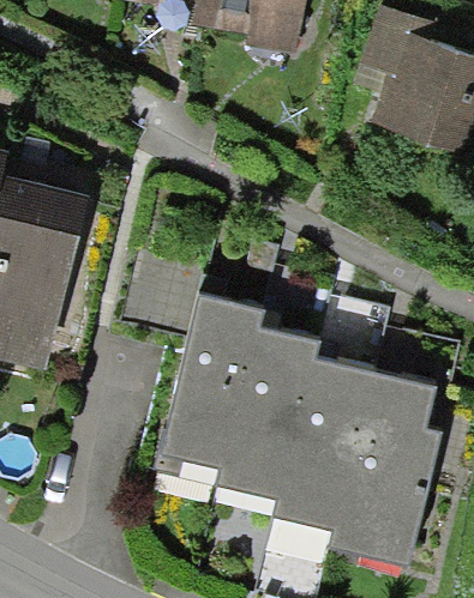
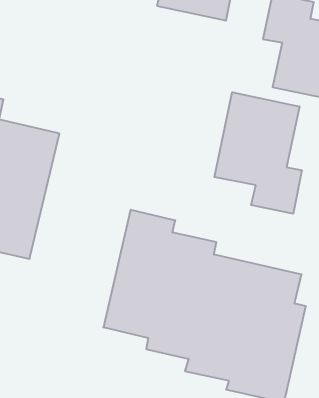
building: none -> [215,92,302,214]

